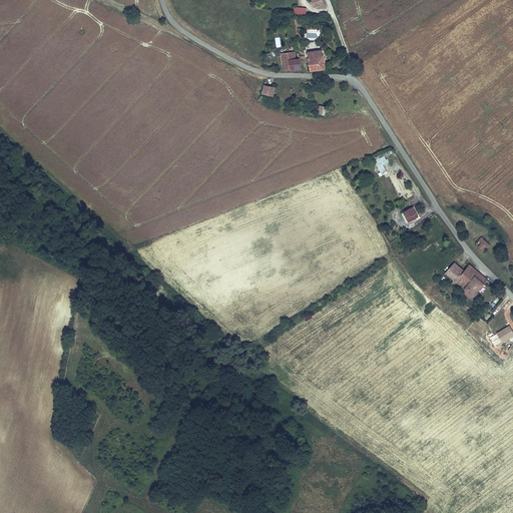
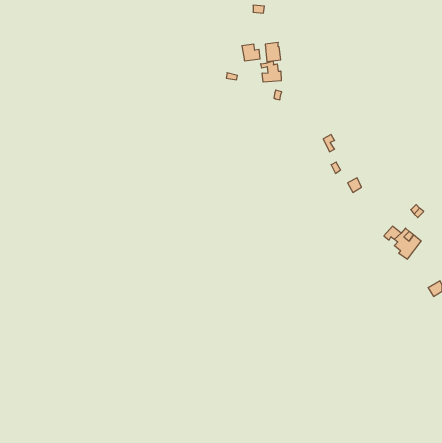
building: none -> [261,61,281,82]

